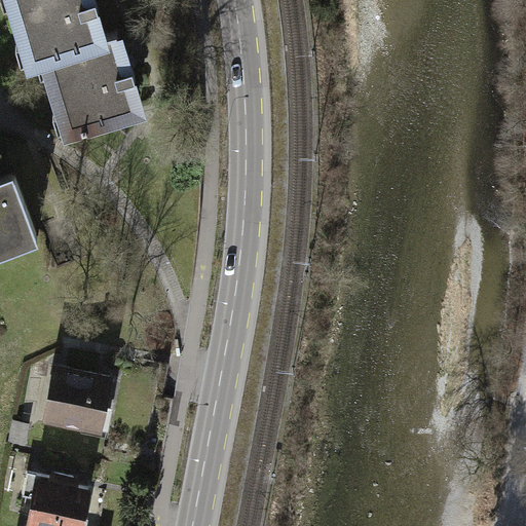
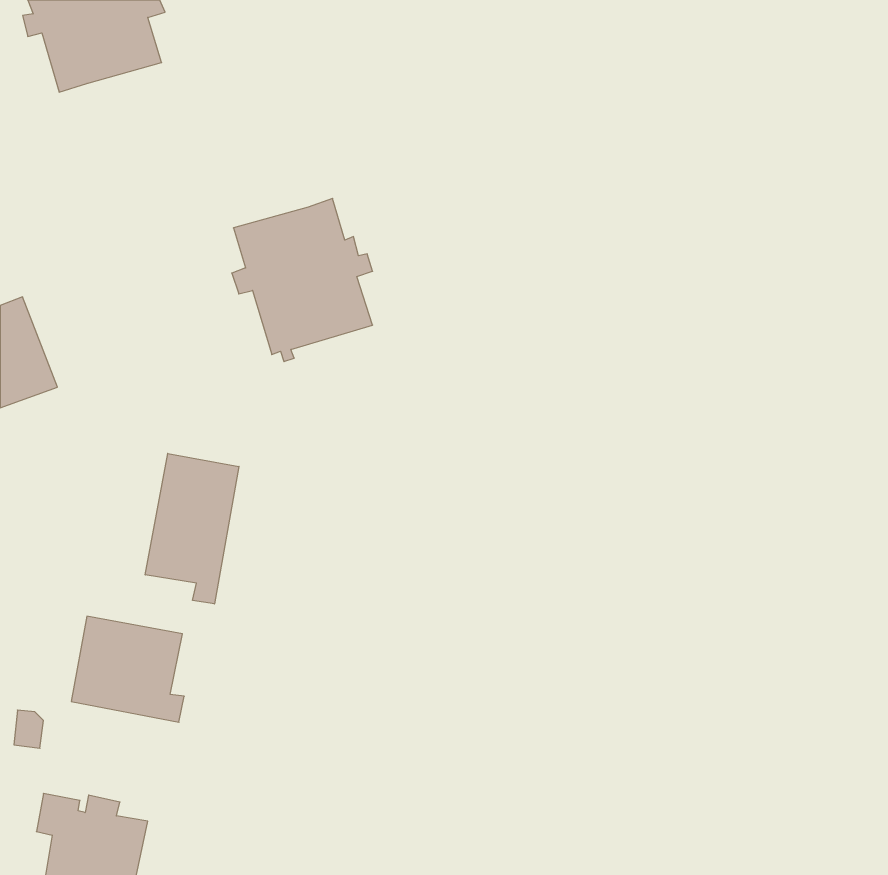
building: [50,39,134,136] -> [232,198,373,362]
building: none -> [145,453,239,604]

